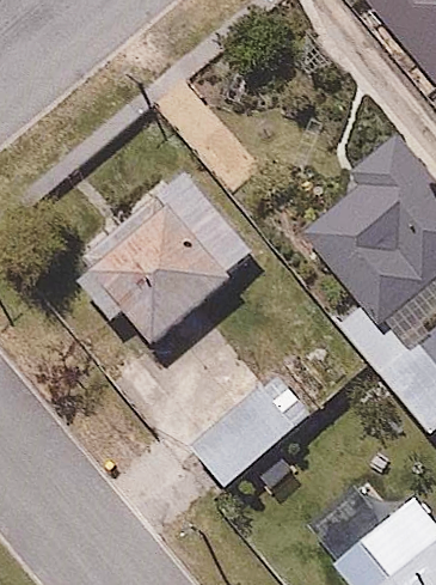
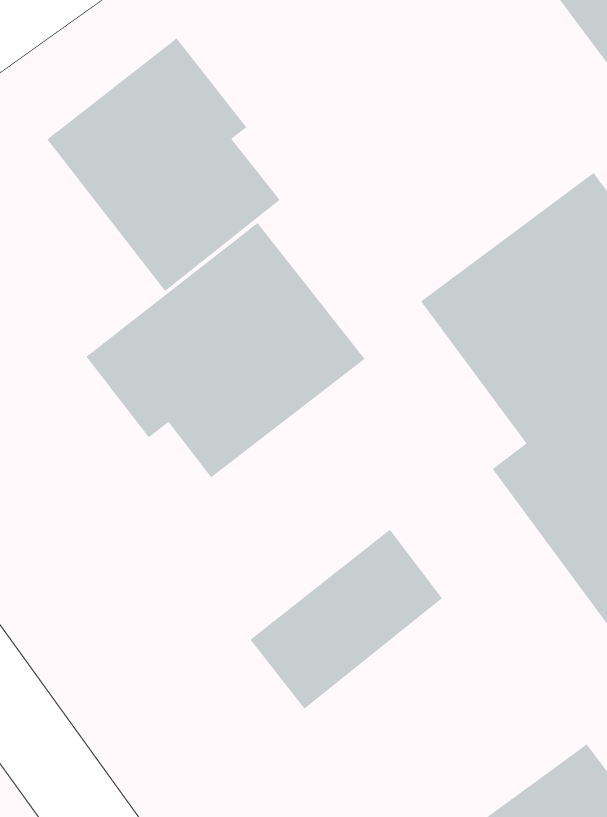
building: none -> [46,37,280,292]

